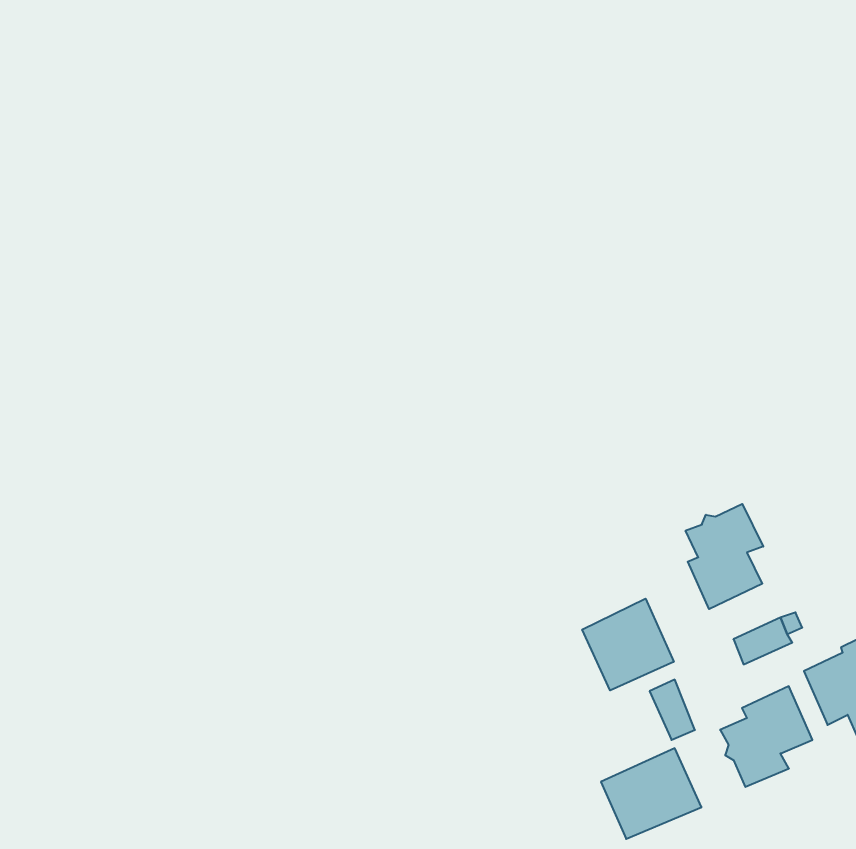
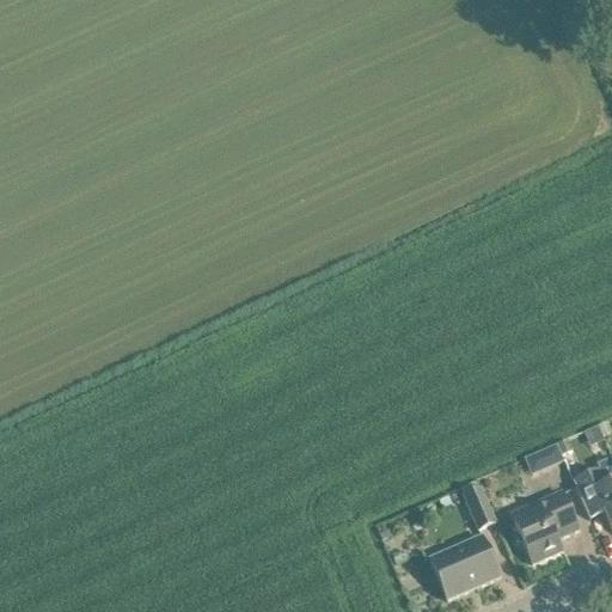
building: [686,504,763,609] -> none
building: [582,599,674,690] -> none

